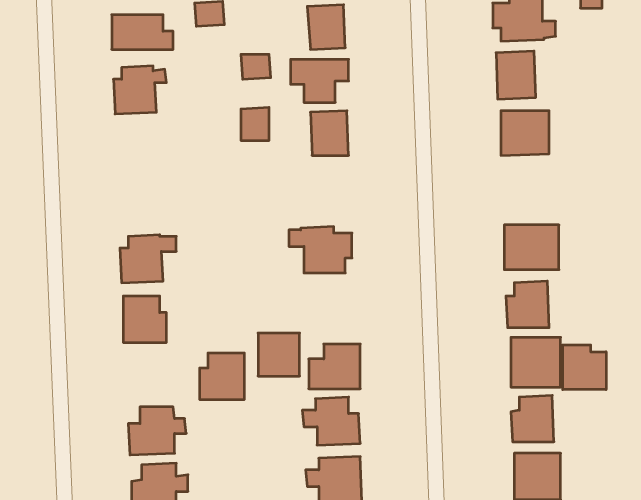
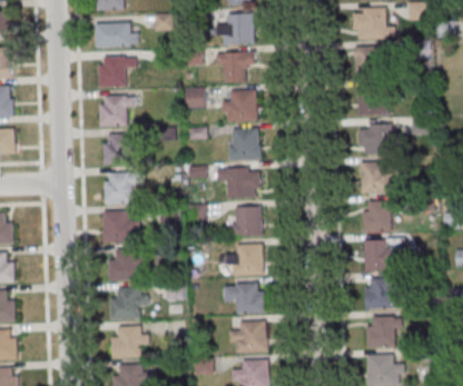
building: none -> [99,96,134,128]
building: none -> [363,125,392,156]
building: none -> [230,128,260,158]
building: none -> [105,133,131,165]
building: [258,333,300,376] -> [235,206,263,235]
building: [563,345,606,390] -> none
building: [200,353,244,399] -> [110,249,140,280]

